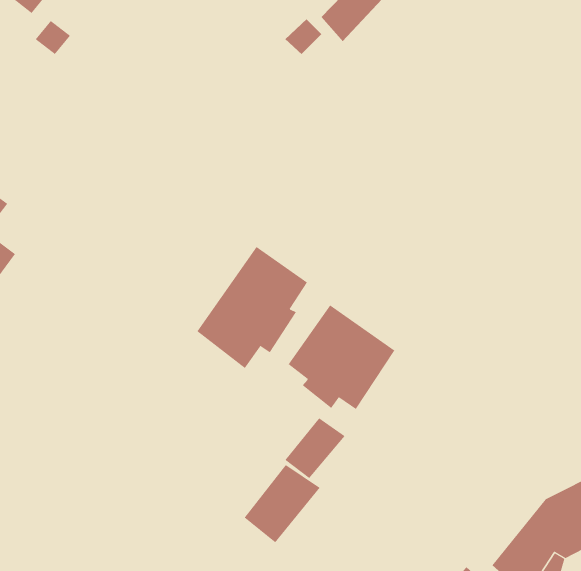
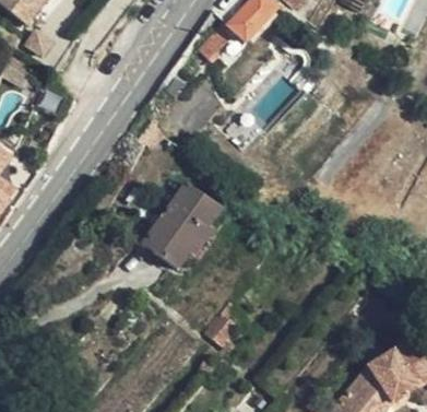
building: [288,305,395,410] -> none
building: [244,464,321,543] -> none

